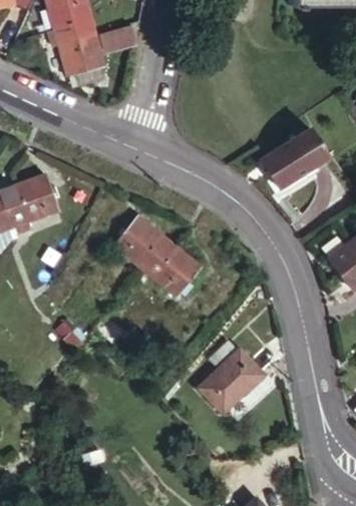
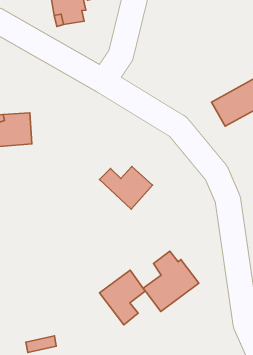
building: [113,215,173,263] -> none
building: none -> [99,270,145,325]

